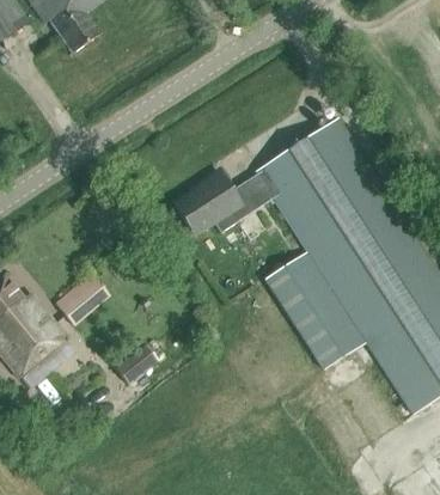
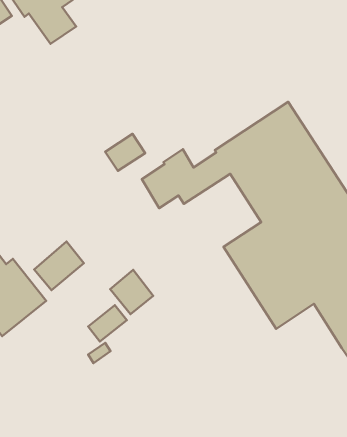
building: none -> [105,134,145,171]
building: none -> [110,270,153,314]

